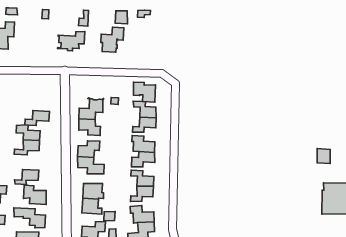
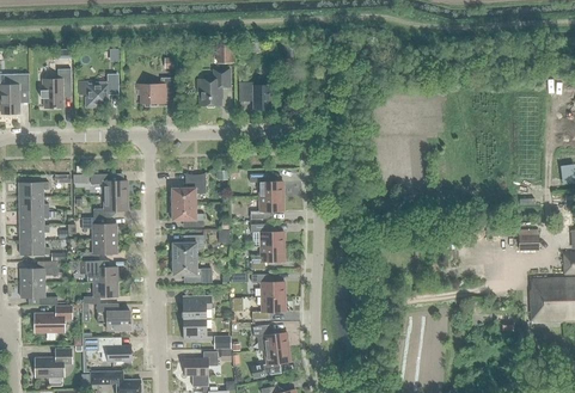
building: none -> [79,75,116,106]
building: [134,82,156,102] -> [238,81,270,109]
building: none -> [91,173,128,195]
building: none -> [80,259,117,281]

